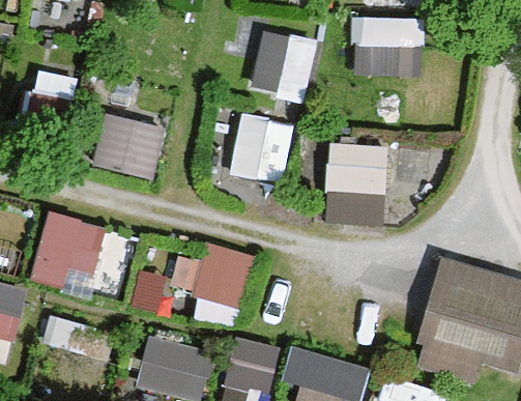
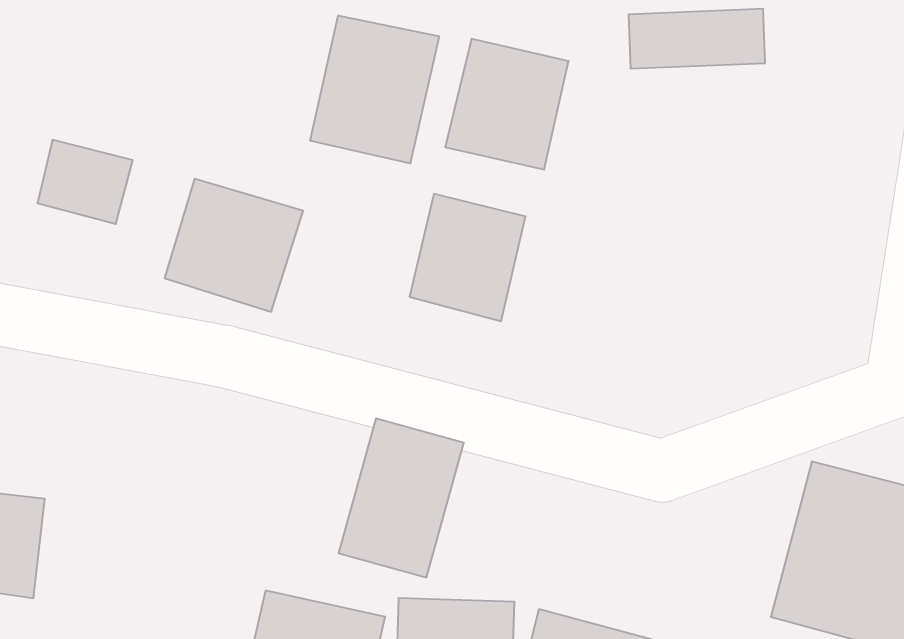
building: none -> [310,15,439,164]
building: [324,142,386,225] -> none
building: [31,210,110,287] -> none

